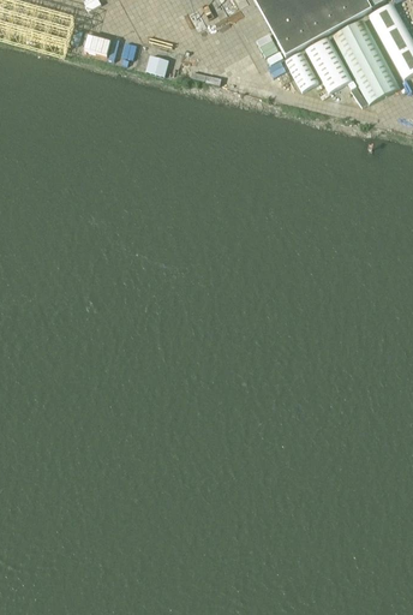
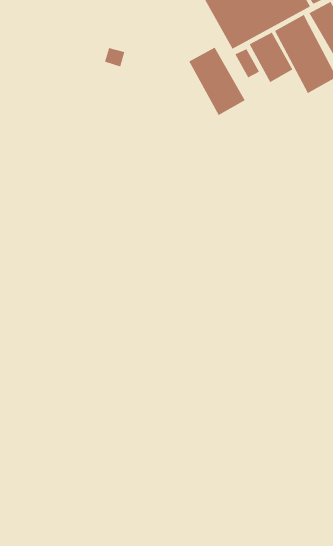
building: none -> [188,47,245,116]

